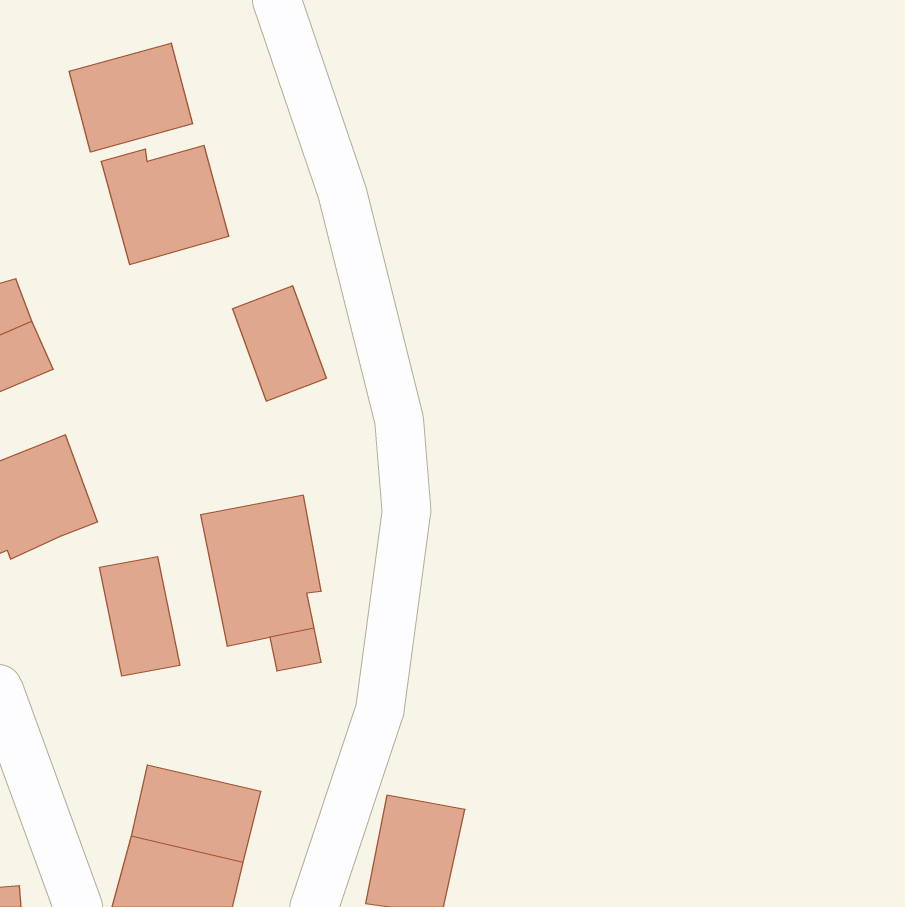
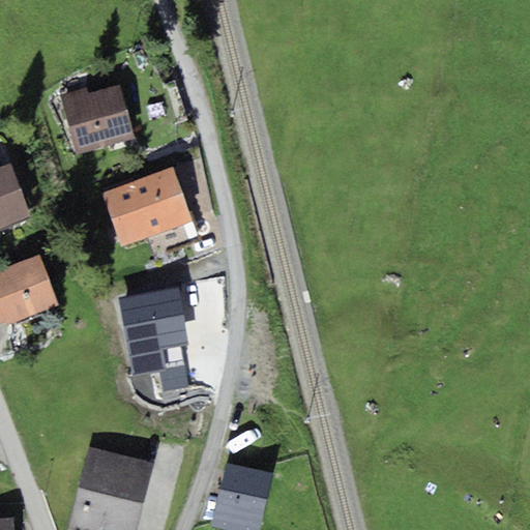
building: [69,43,192,152] -> none
building: none -> [101,180,155,246]
building: [100,557,180,676] -> none

